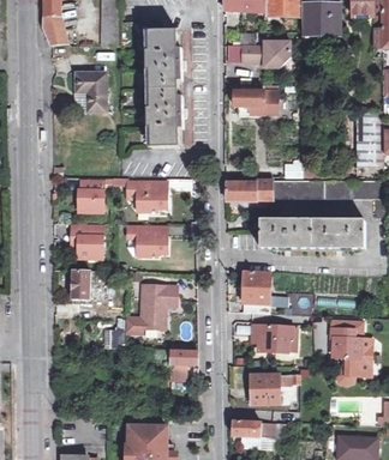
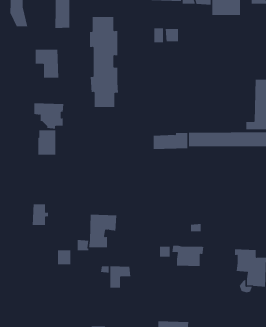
building: [259,42,289,68] -> none
building: [237,85,280,114] -> none
building: [126,176,166,210] -> [33,103,64,129]
building: [259,219,363,248] -> none
building: [71,222,102,258] -> none
building: [126,223,166,256] -> none
building: [243,272,270,313] -> none
building: [250,374,280,404] -> none

